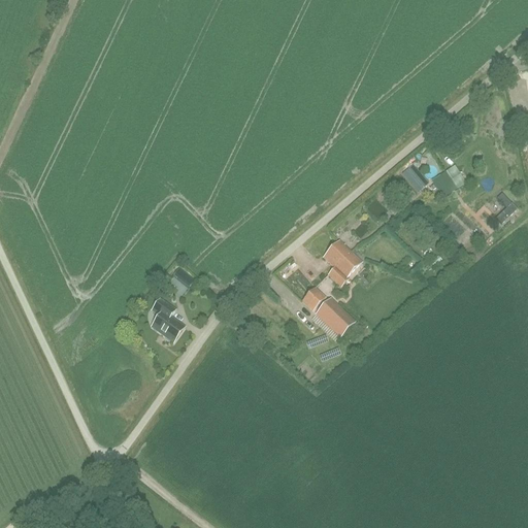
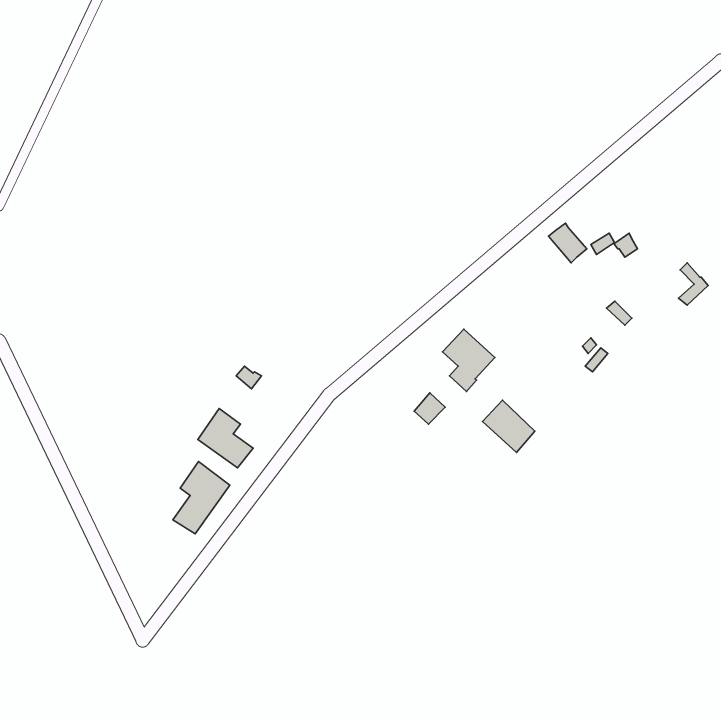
building: [316,298,354,336] -> [483,400,535,452]
building: none -> [173,462,230,534]

